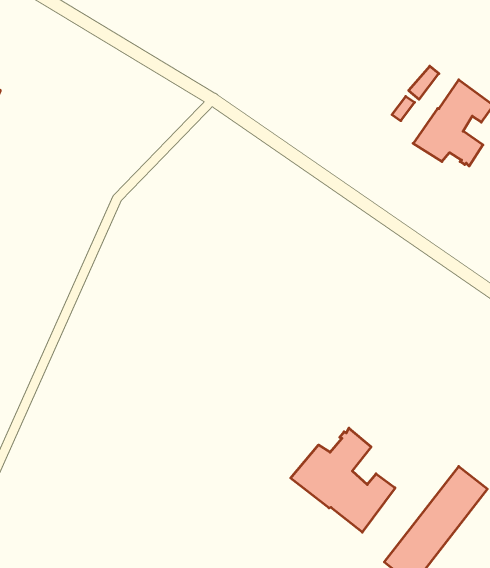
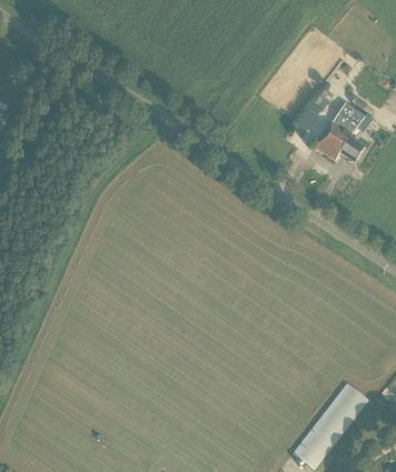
building: [291,428,395,532] -> none

